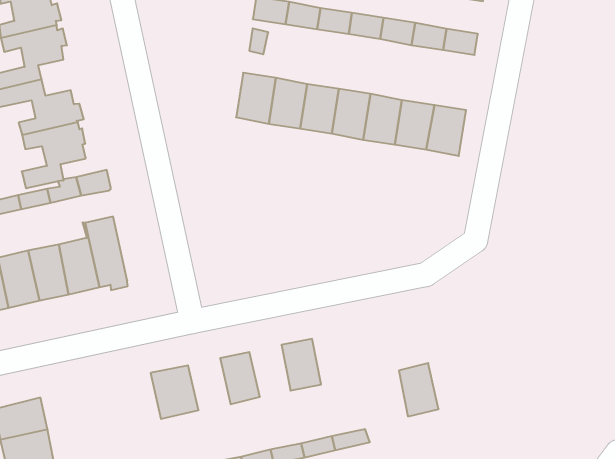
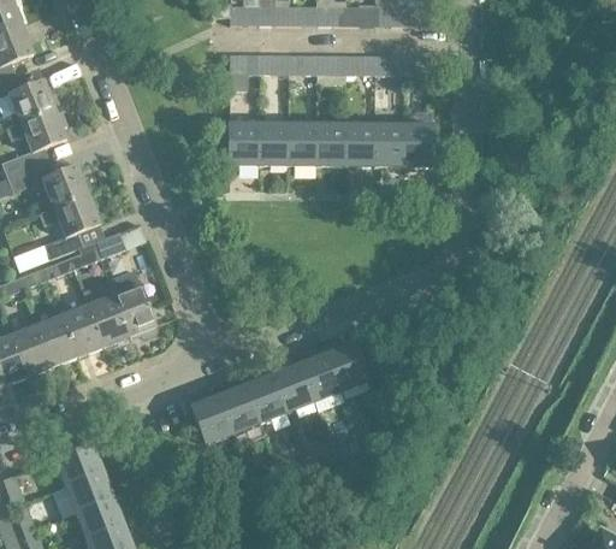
building: none -> [273,362,315,412]
building: none -> [220,383,263,432]
building: [399,363,439,416] -> [327,342,368,392]

